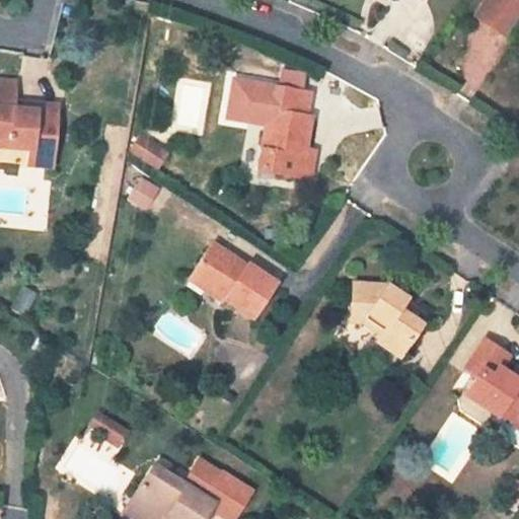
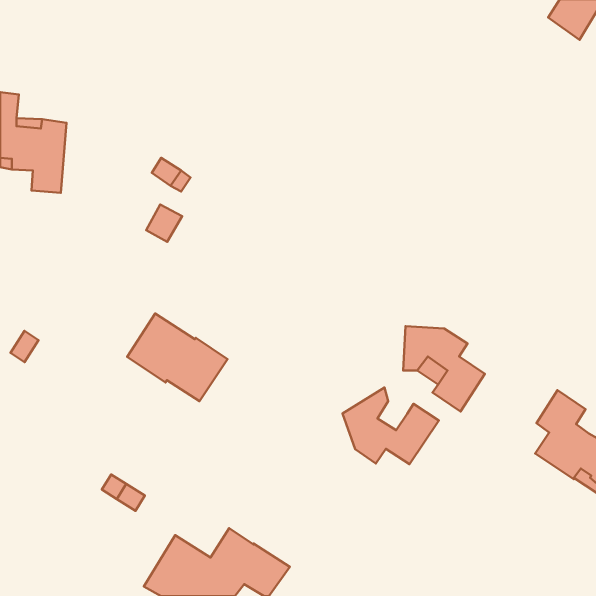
building: [228,79,314,177] -> none
building: [190,242,277,318] -> [127,313,228,401]
building: none -> [343,388,439,464]

